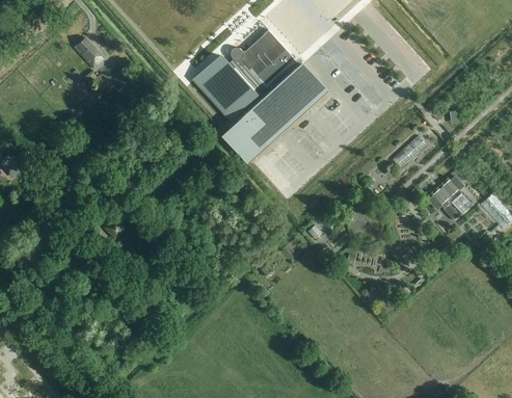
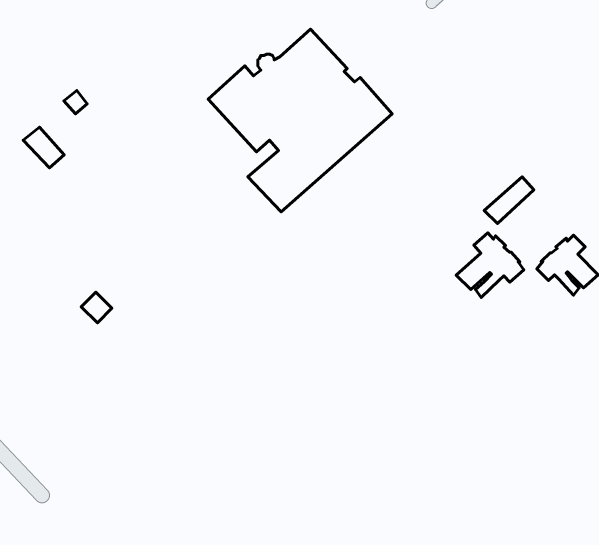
building: [74,38,103,68] -> [23,127,64,168]
building: none -> [456,233,524,298]

